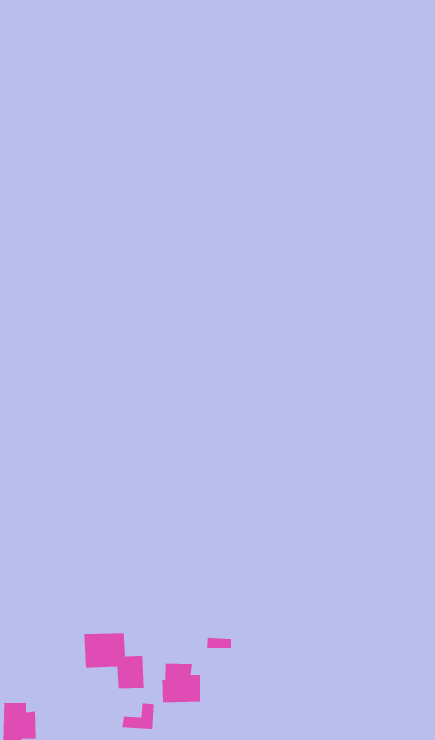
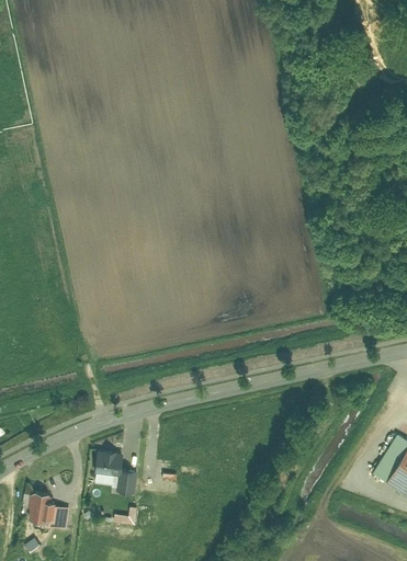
building: [162,663,200,703] -> none

